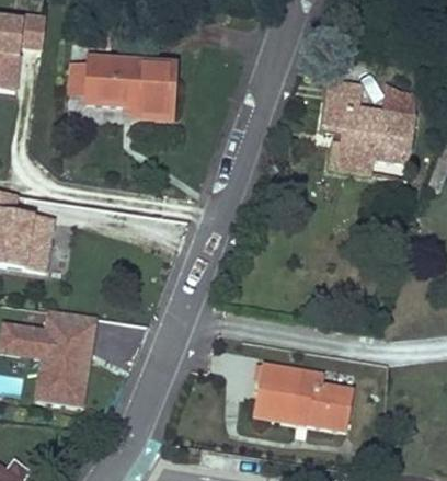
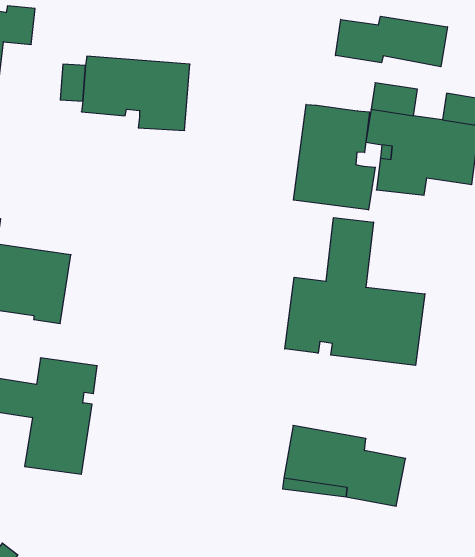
building: none -> [336,16,447,67]
building: none -> [293,104,375,210]
building: none -> [285,218,425,365]

